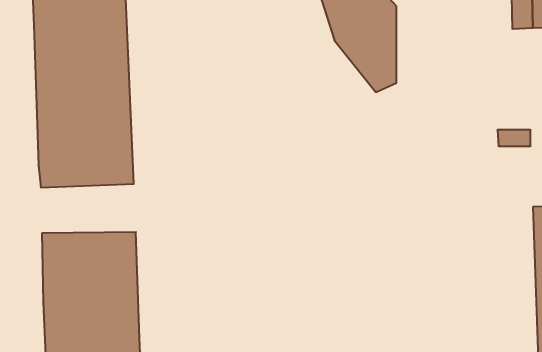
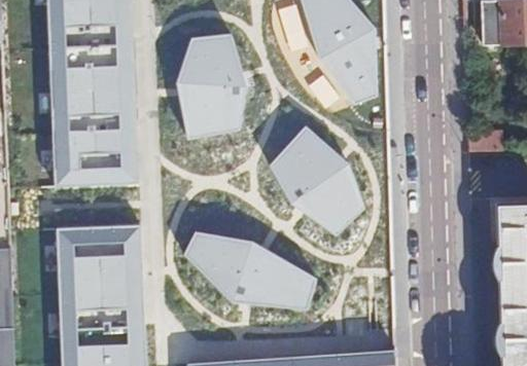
building: none -> [177,34,245,138]
building: none -> [267,125,361,234]
building: none -> [187,239,318,310]

